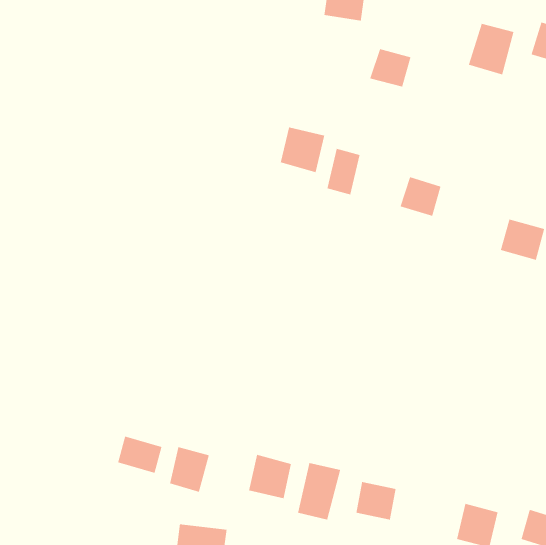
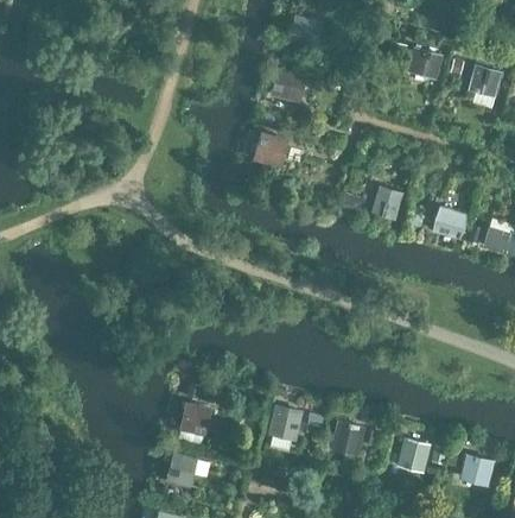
building: [369,48,412,88] -> [273,67,307,99]
building: [326,148,361,196] -> none
building: [117,436,163,474] -> none
building: [248,454,292,499] -> none

